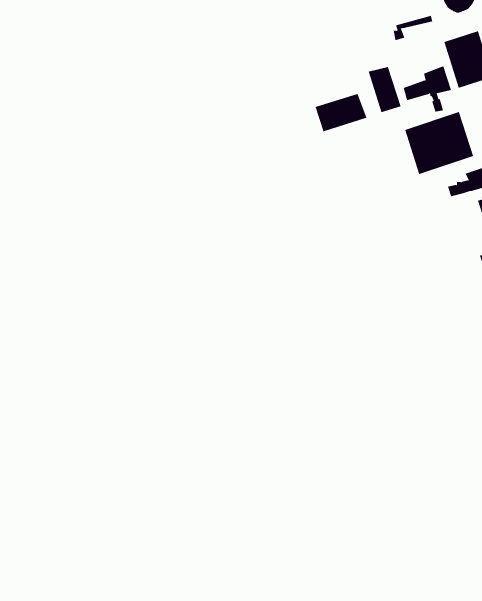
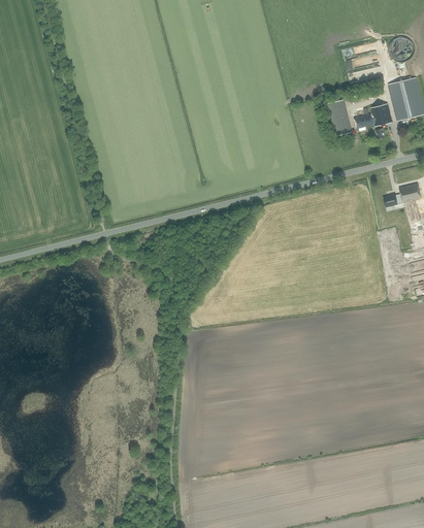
building: [315,93,367,132] -> none
building: [404,111,474,175] -> none

